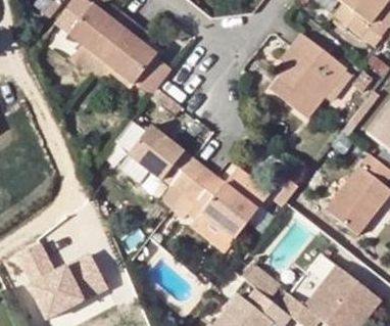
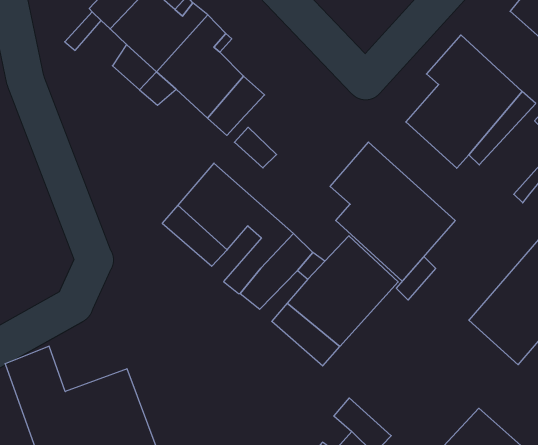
building: none -> [330,142,455,281]

